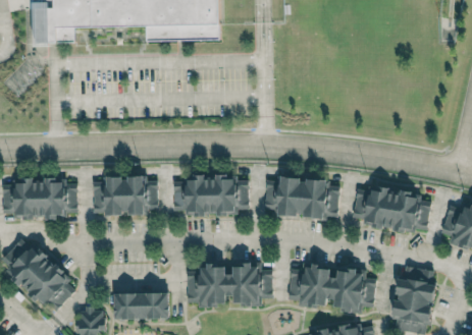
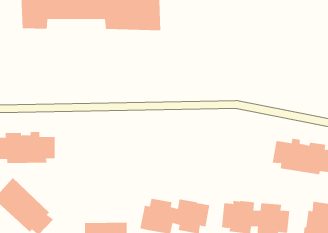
building: [173,174,249,215] -> none
building: [93,176,158,214] -> none
building: [265,176,339,218] -> none

